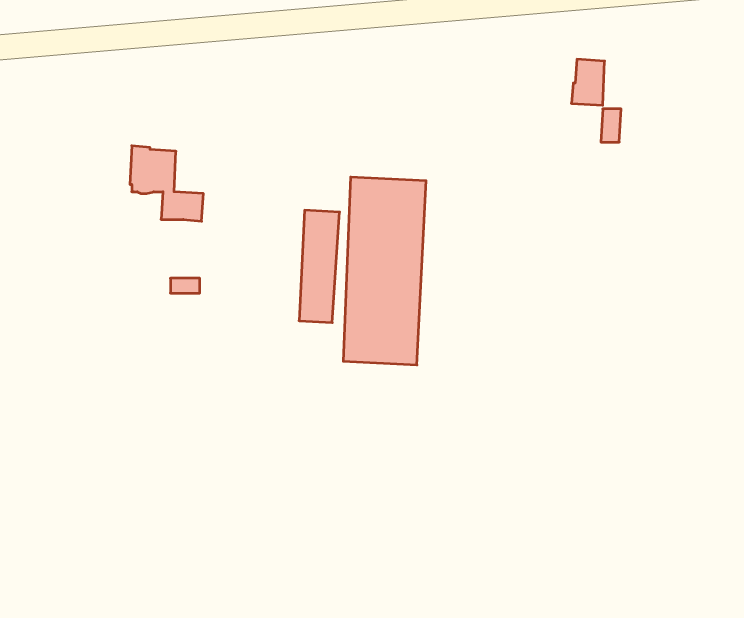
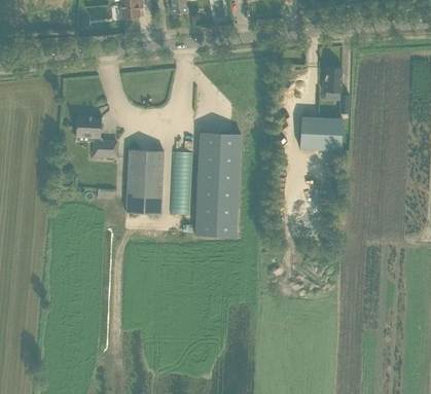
building: none -> [299,115,342,149]
building: none -> [125,148,164,213]

